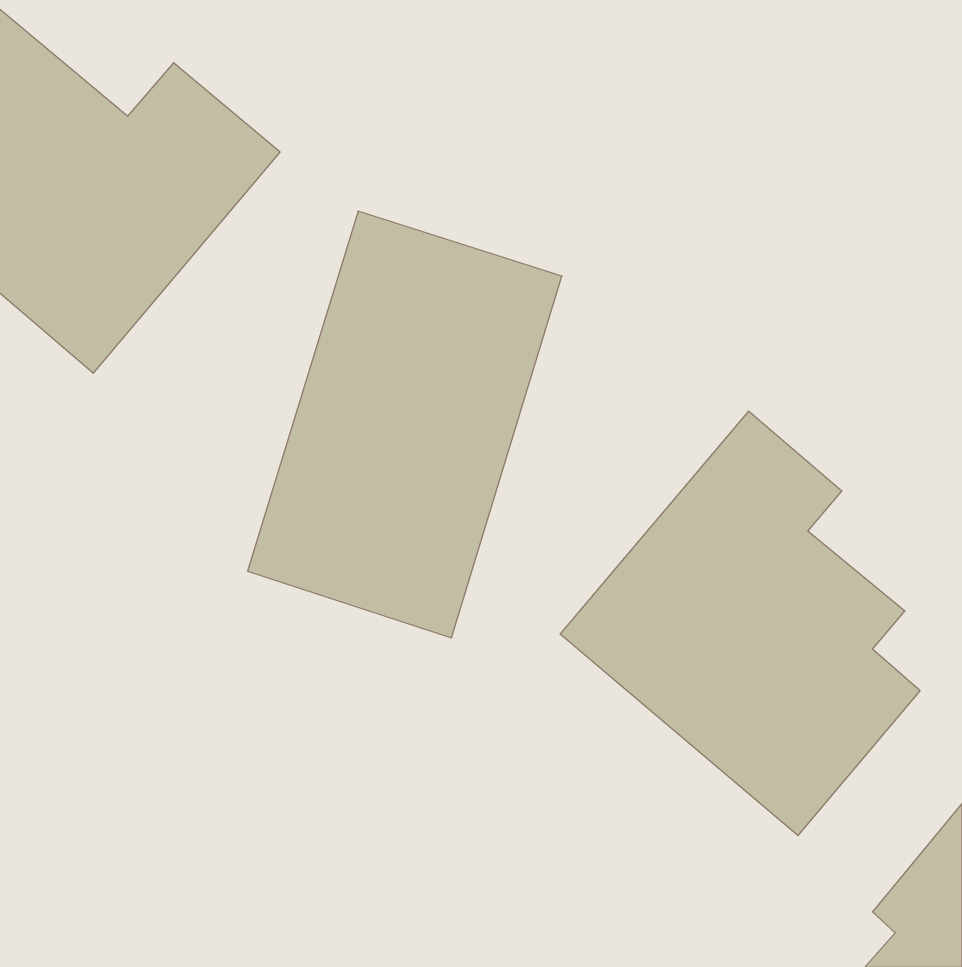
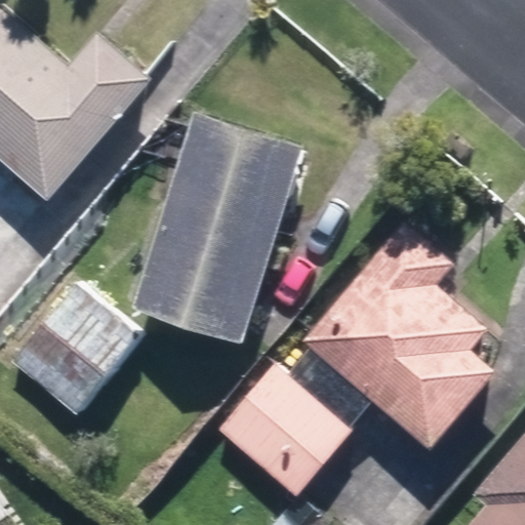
building: none -> [11,280,142,413]
building: none -> [218,364,352,497]

